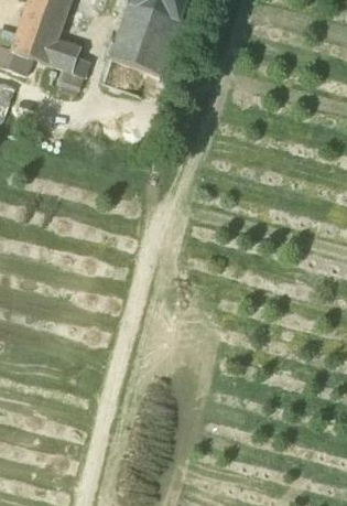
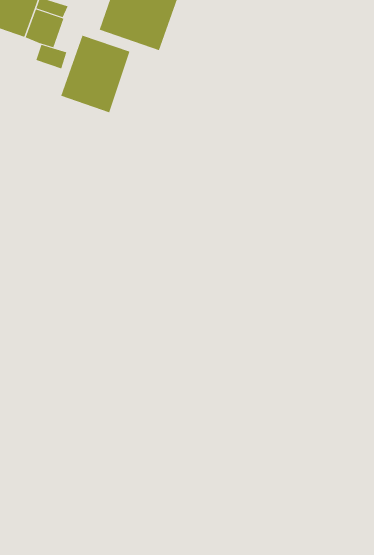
building: none -> [61,35,130,113]

